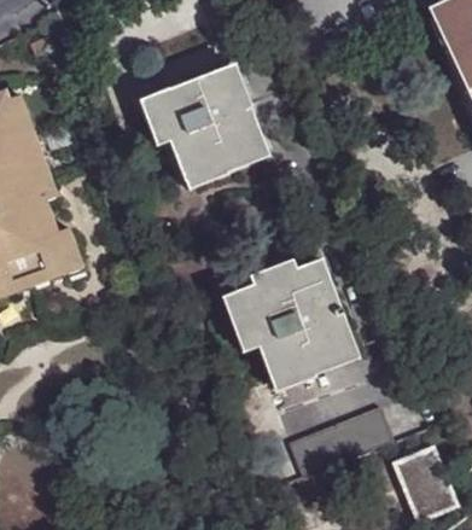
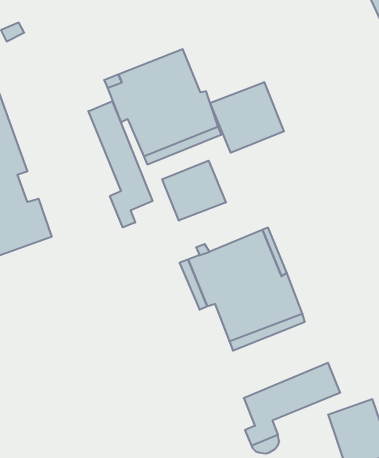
building: none -> [210,82,284,153]
building: none -> [88,101,152,227]
building: none -> [162,161,226,221]

